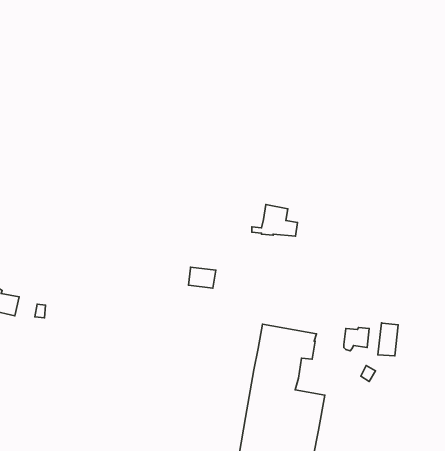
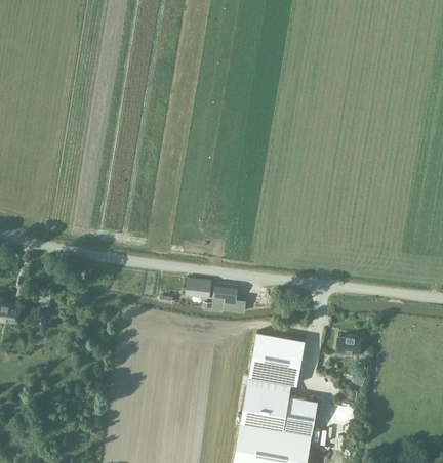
building: [252,205,297,236] -> [202,283,246,313]
building: [378,323,398,356] -> none

